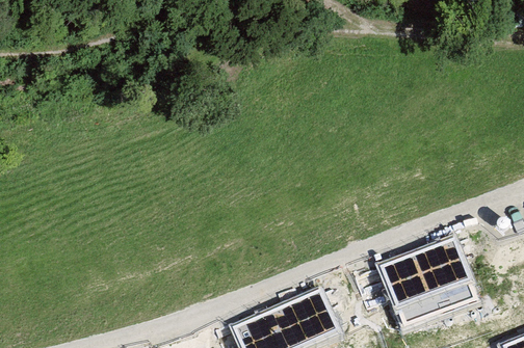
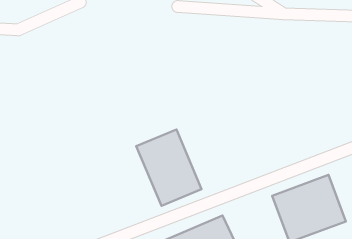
building: none -> [136,130,202,206]

